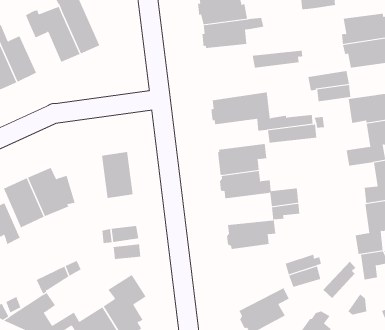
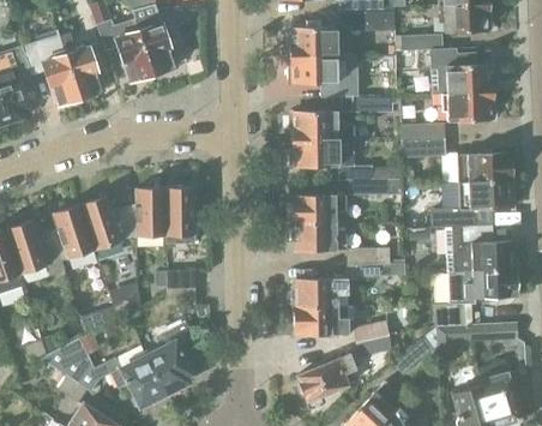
building: none -> [289,112,355,140]
building: none -> [125,188,165,238]
building: none -> [294,305,354,335]

